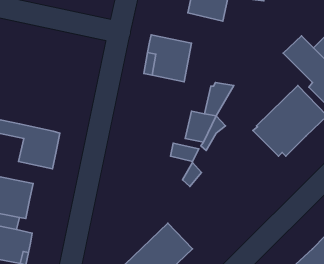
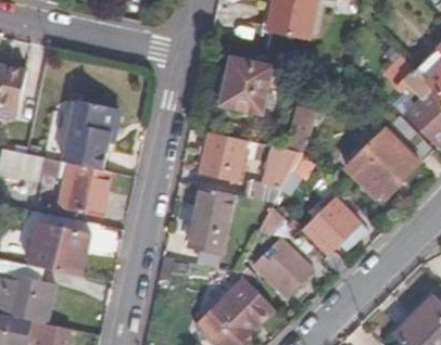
building: none -> [66,101,124,170]
building: none -> [198,133,242,180]
building: none -> [187,188,232,254]
building: none -> [302,199,366,274]
building: none -> [254,246,311,297]

